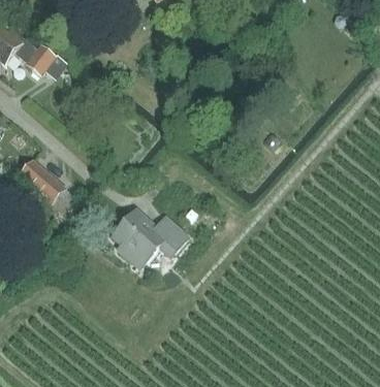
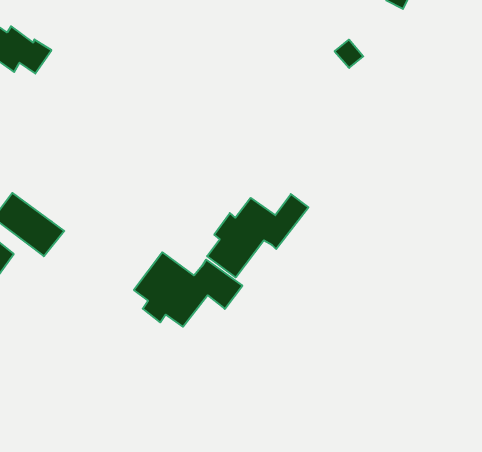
building: none -> [207,194,308,277]

